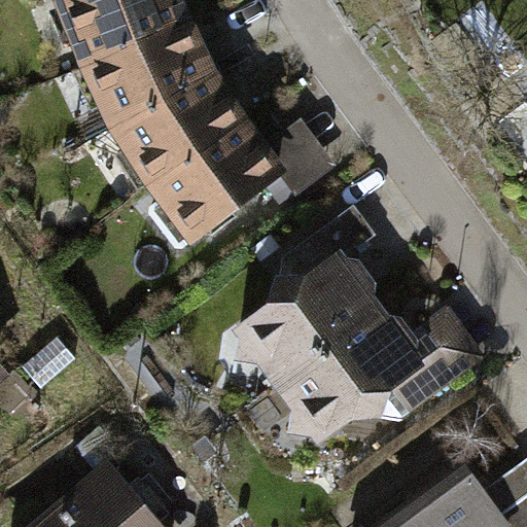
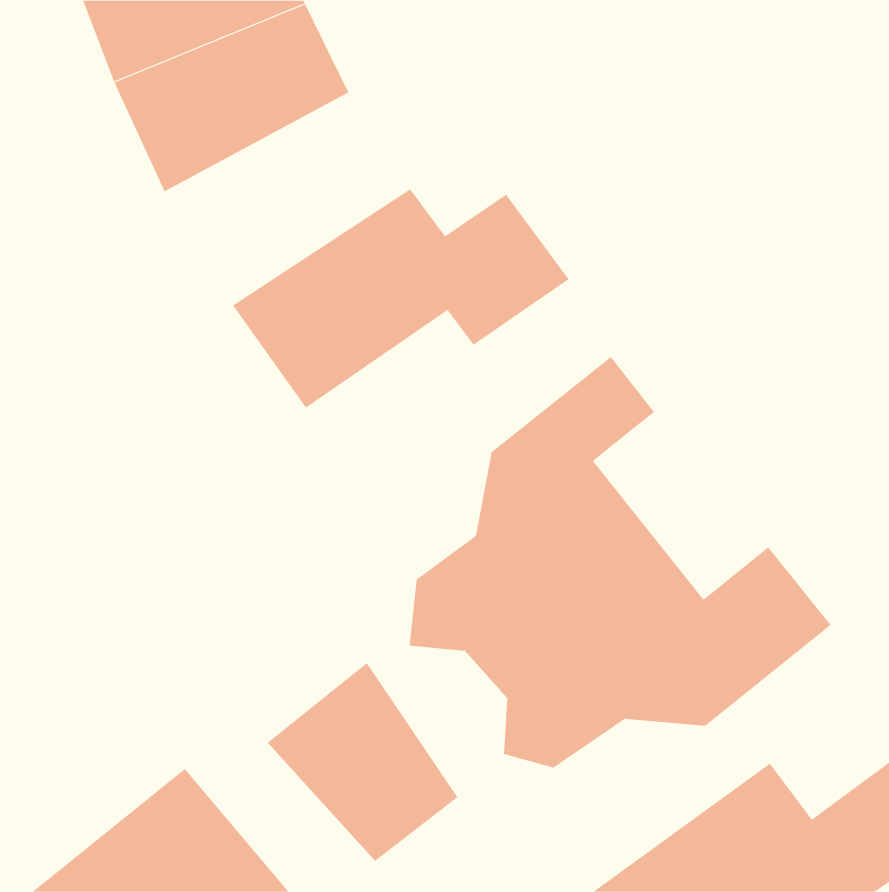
building: [99,55,244,180] -> none
building: none -> [267,662,458,862]

